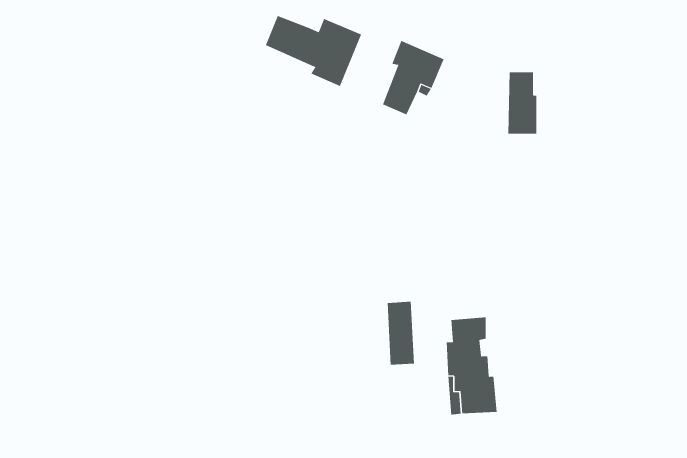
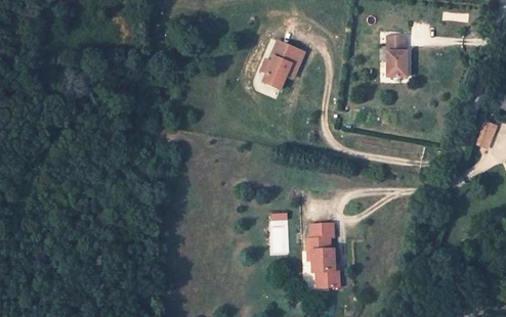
building: [265,15,362,87] -> none
building: [507,72,537,134] -> [386,36,406,77]

